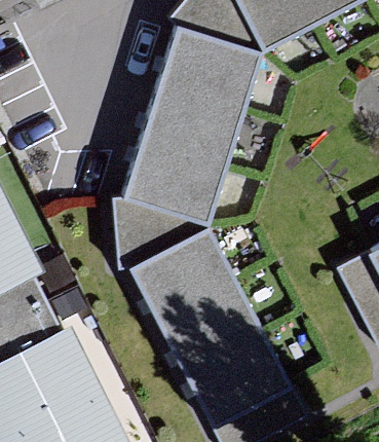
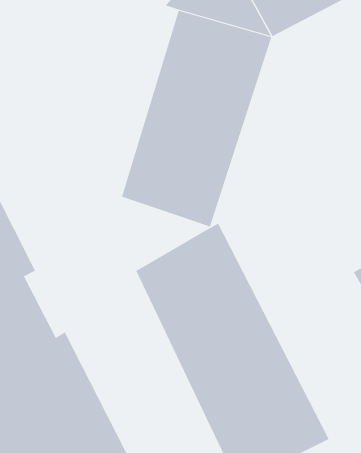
building: [112,199,202,272] -> none

